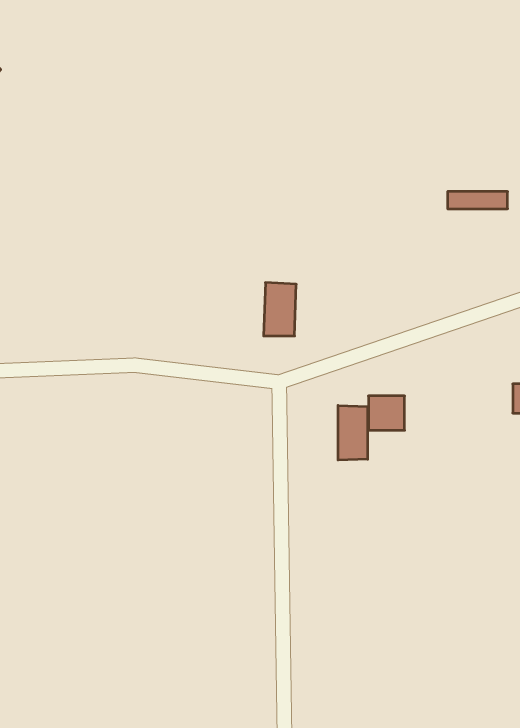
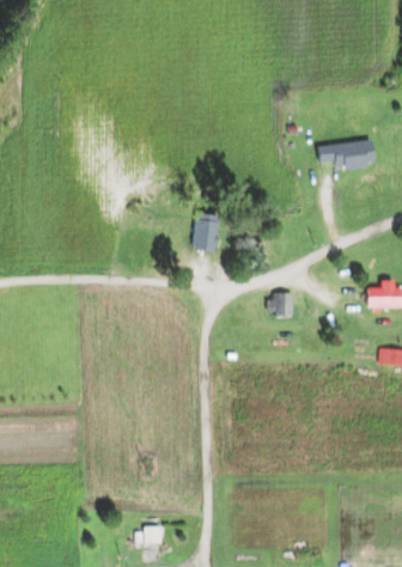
building: [338,405,368,460] -> none

